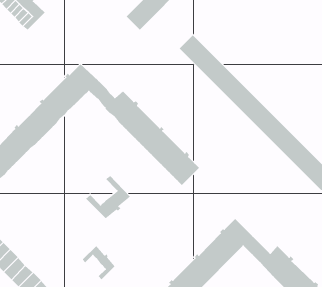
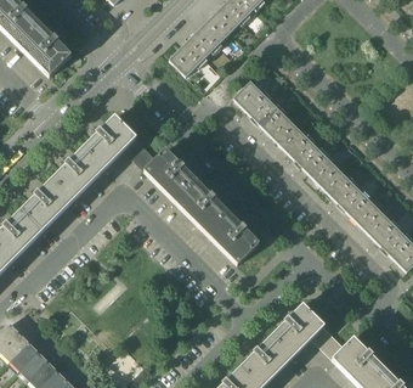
building: [85,175,131,219] -> none
building: [82,245,116,280] -> none

